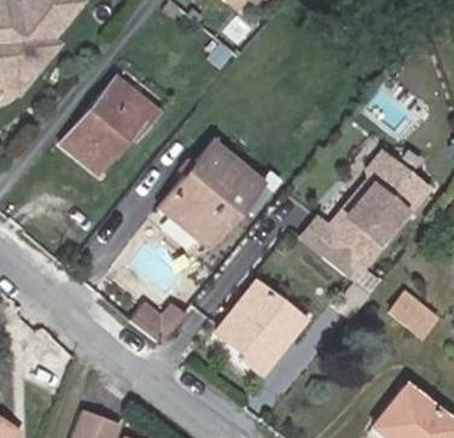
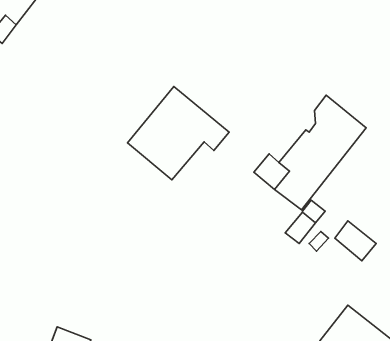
building: [62,76,157,173] -> none
building: [217,281,303,354] -> none
building: [129,302,186,344] -> none

